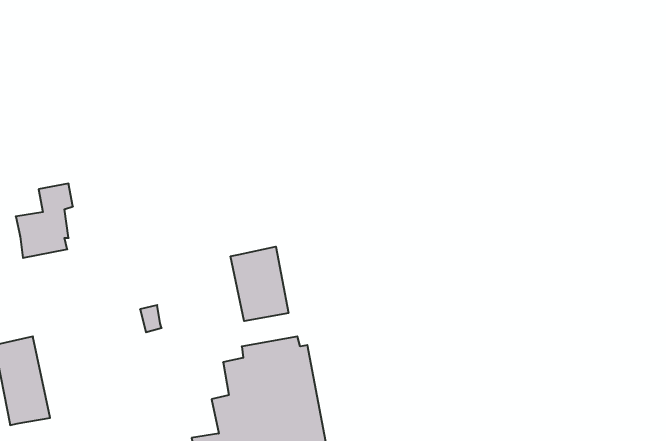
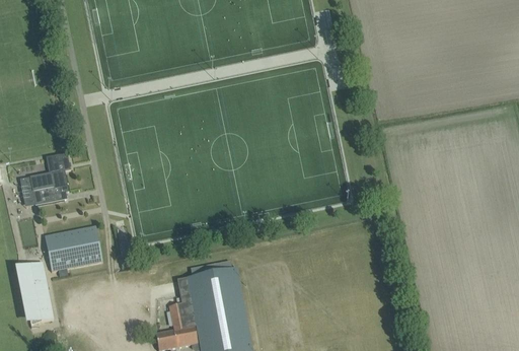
building: [231,247,288,321] -> none
building: none -> [45,225,102,271]

